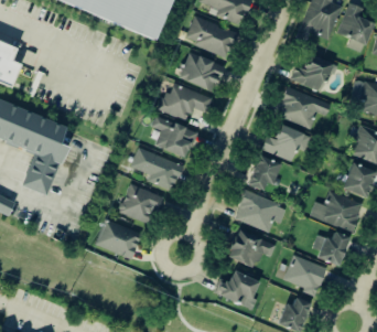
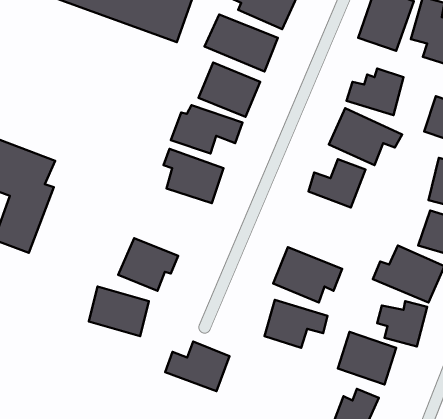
building: [130,148,183,192] -> none
building: [251,157,282,190] -> none
building: [214,270,262,308] -> [165,341,230,391]

